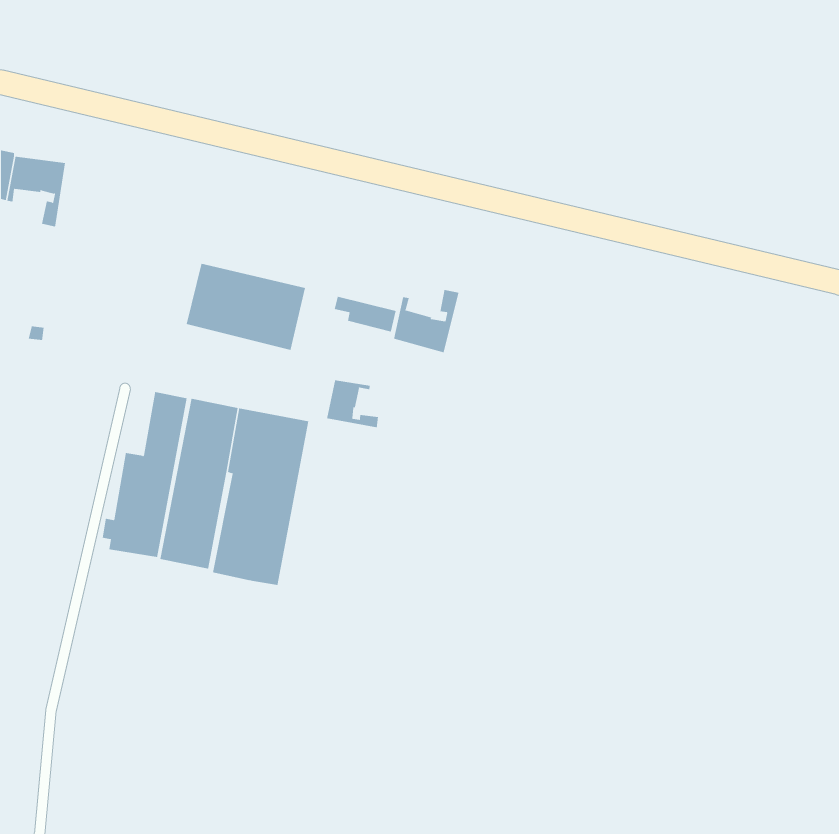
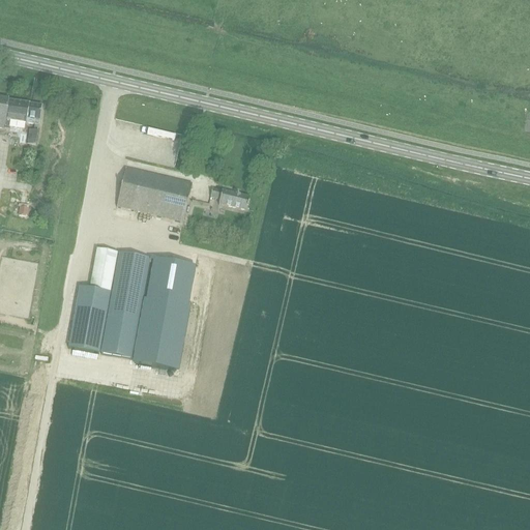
building: [393,289,459,353] -> none
building: [327,380,378,428] -> none

